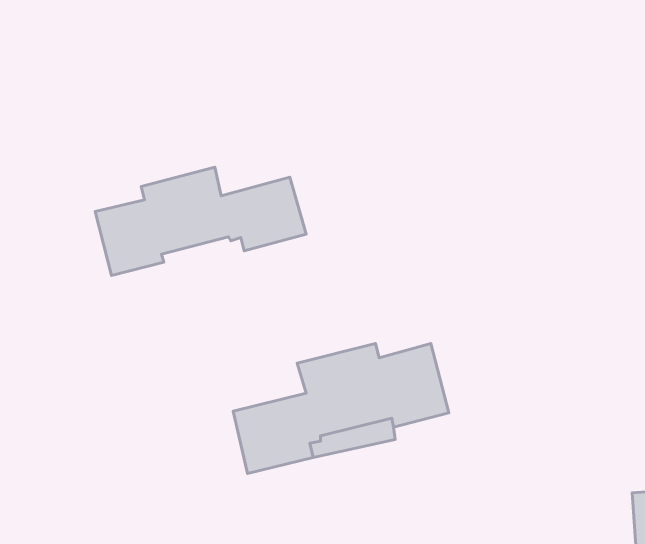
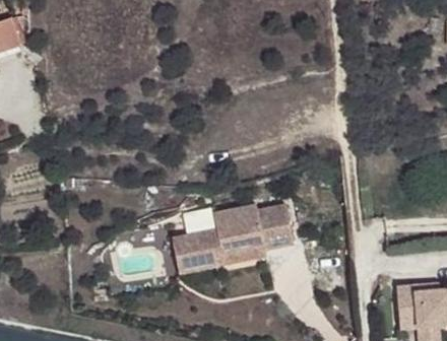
building: [95,167,306,276] -> none

